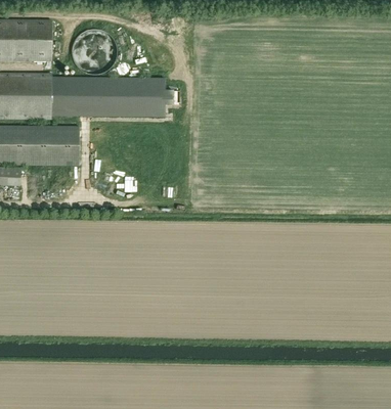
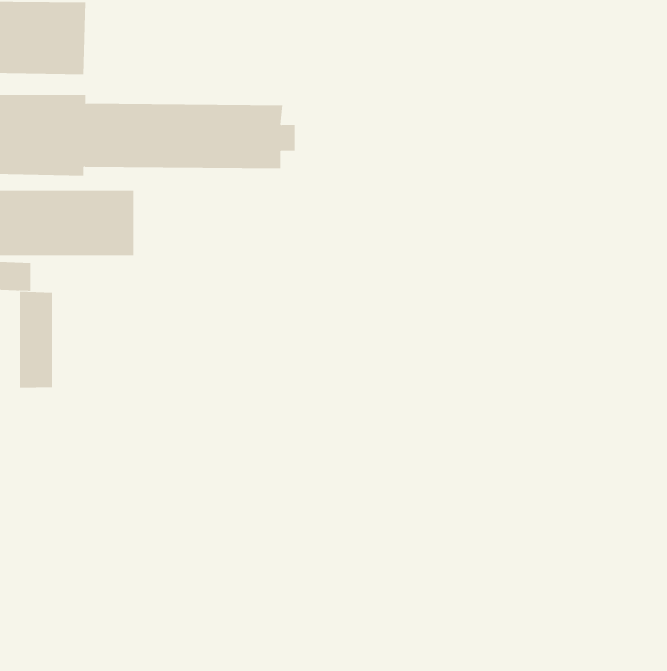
building: none -> [19,291,52,388]

